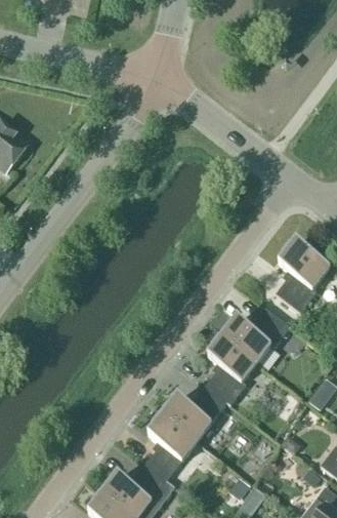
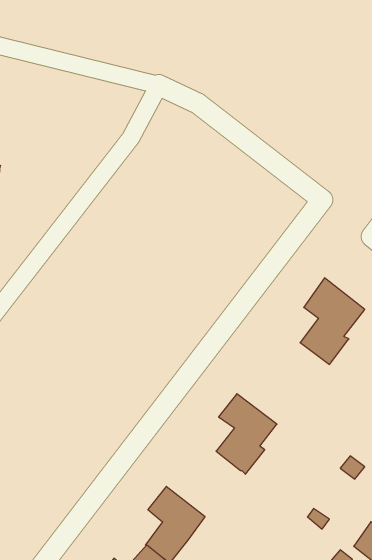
building: [222,307,290,362] -> none
building: [163,385,225,440] -> none

